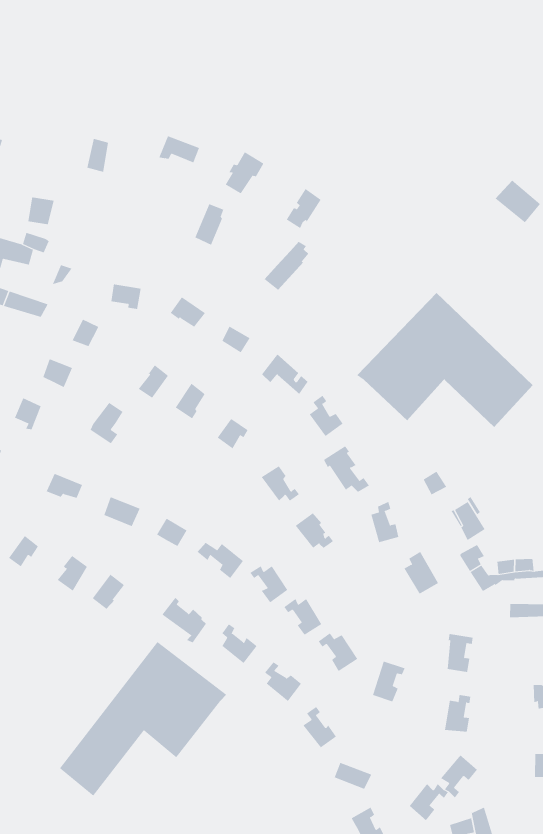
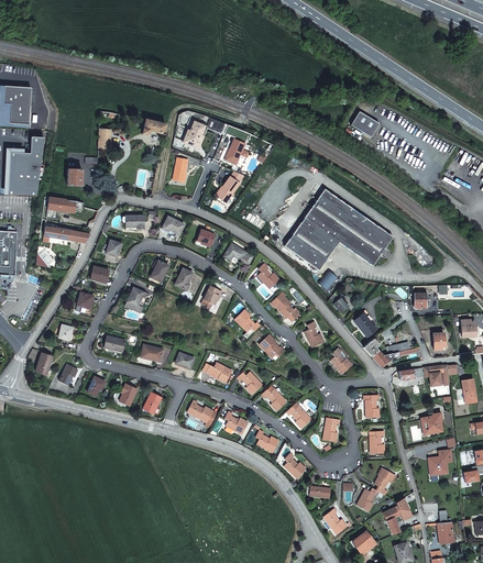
building: [59,641,227,796] -> none

